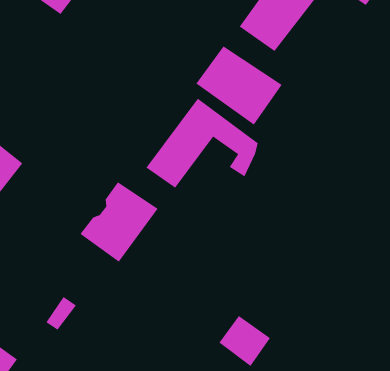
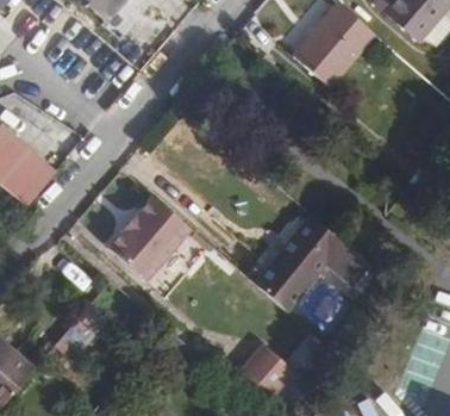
building: [196,46,282,125] -> none
building: [146,98,259,189] -> [257,219,374,310]

